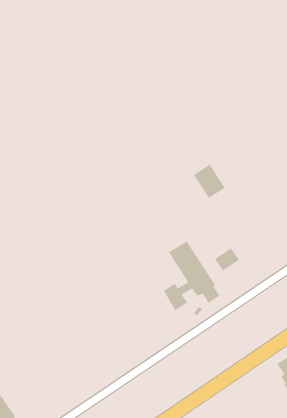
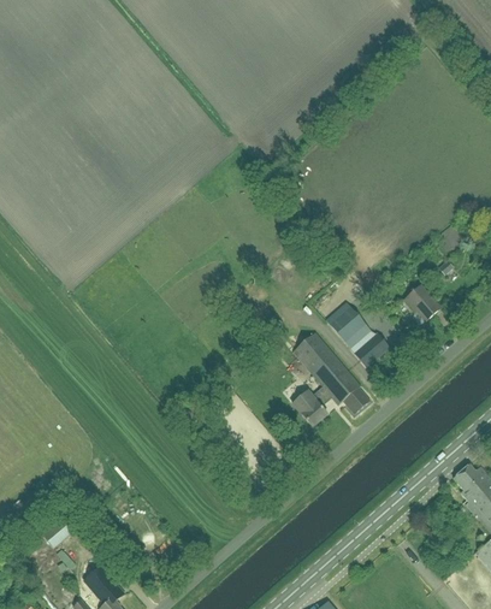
building: [193,164,225,198] -> [325,302,369,348]
building: none -> [406,286,439,324]

